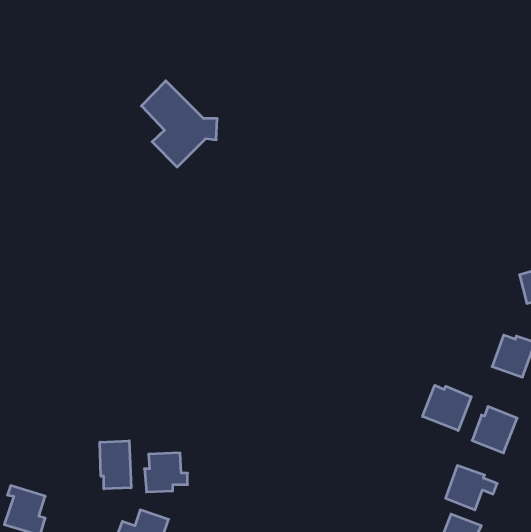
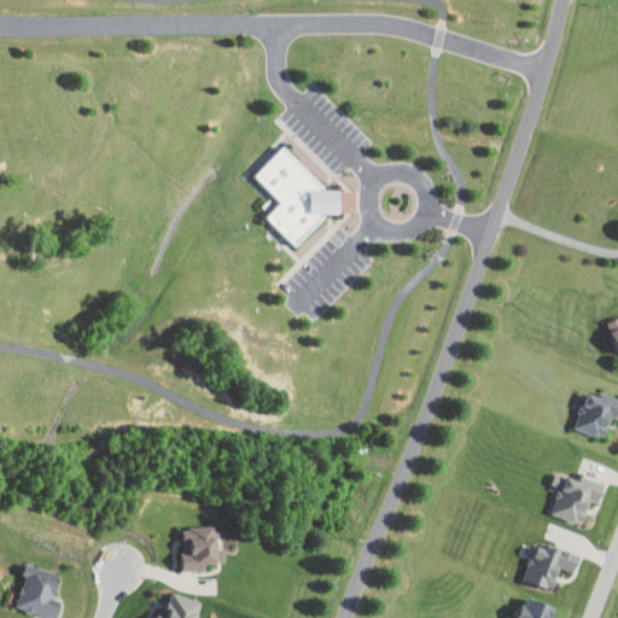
building: [141,81,217,167] -> [260,153,346,252]
building: [423,385,471,431] -> none
building: [100,441,131,489] -> none

